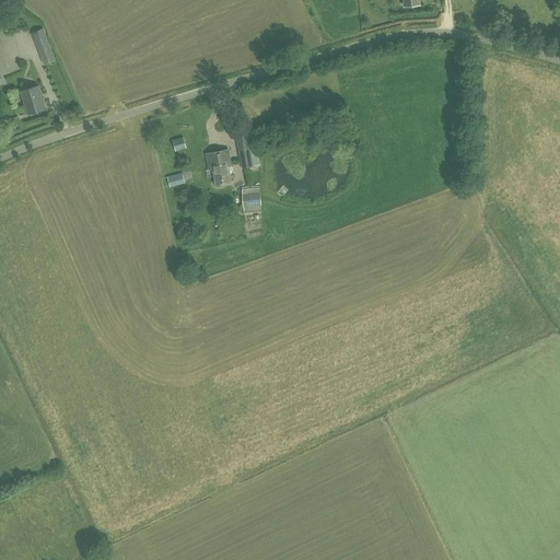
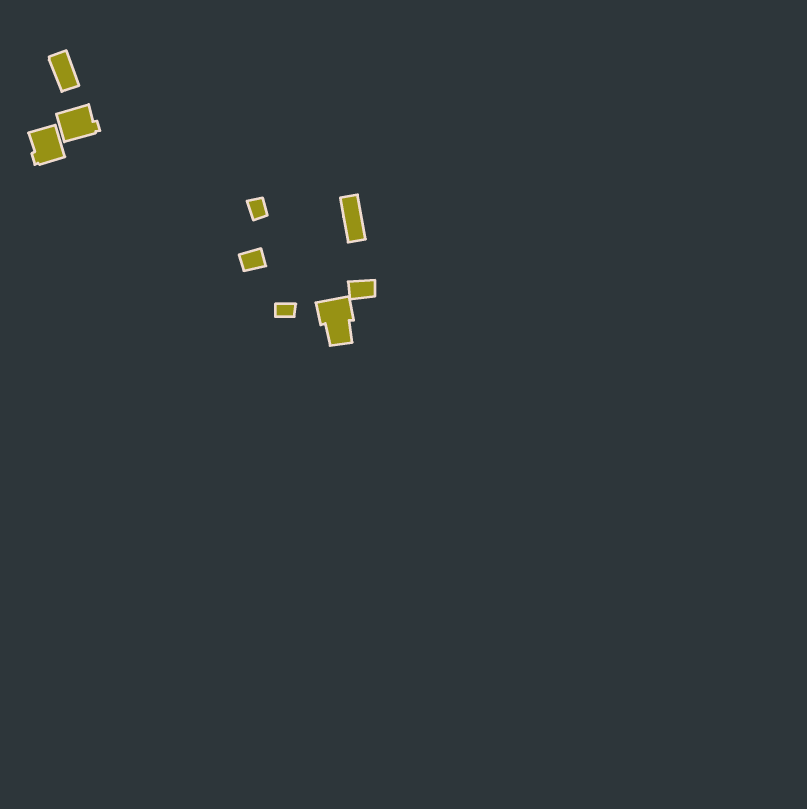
building: none -> [56,104,100,142]
building: [205,150,231,184] -> [316,296,354,346]

